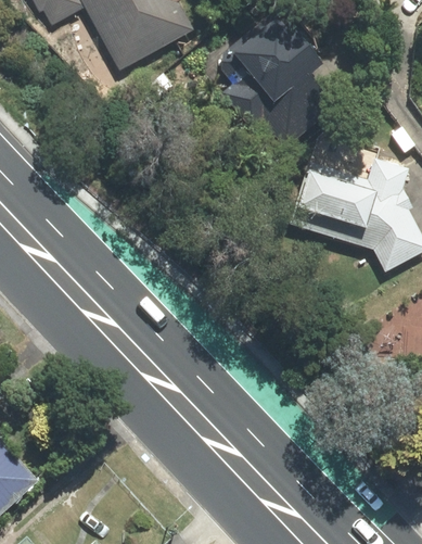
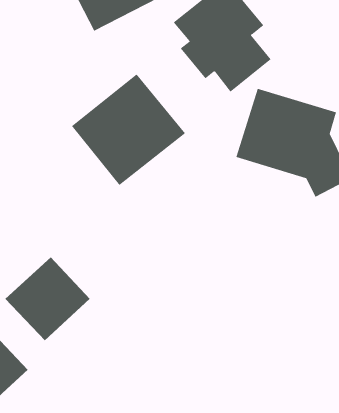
building: none -> [71,73,186,186]
building: none -> [5,256,90,341]

